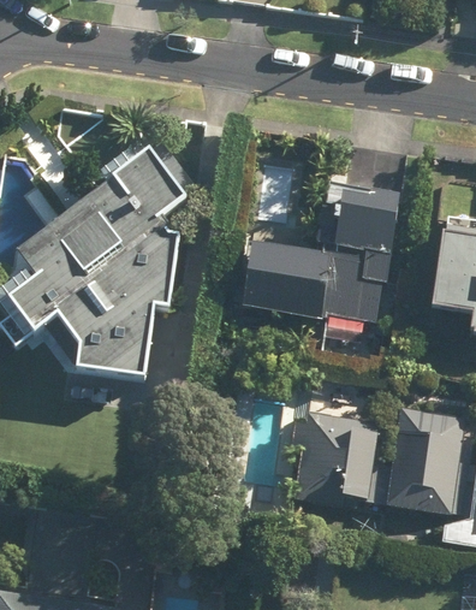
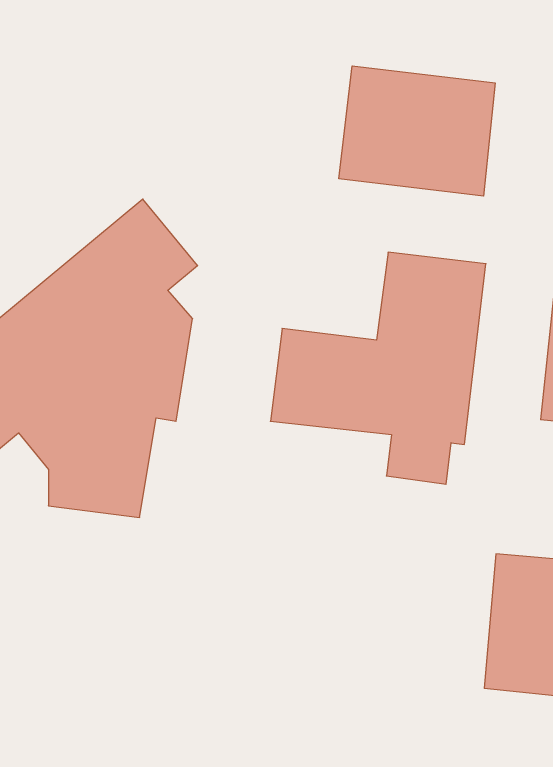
building: none -> [339,66,495,196]
building: [294,413,387,508] -> none

